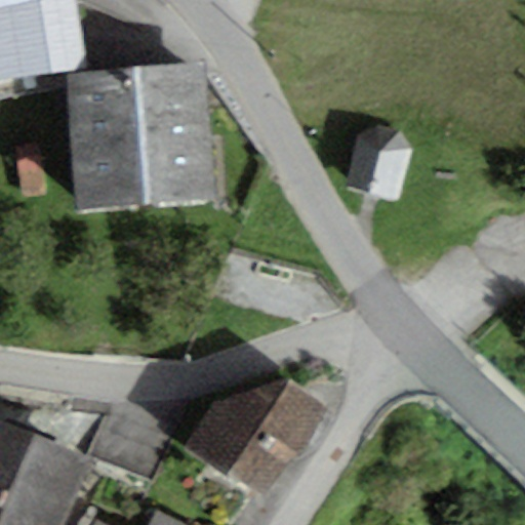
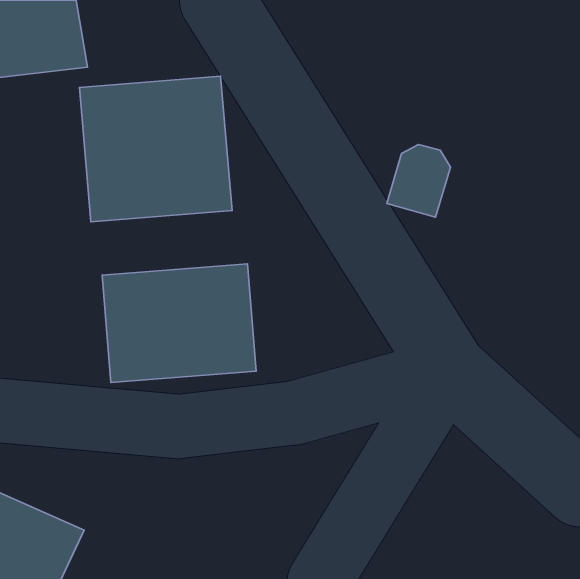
building: none -> [102,264,256,383]
building: [194,389,322,489] -> none

